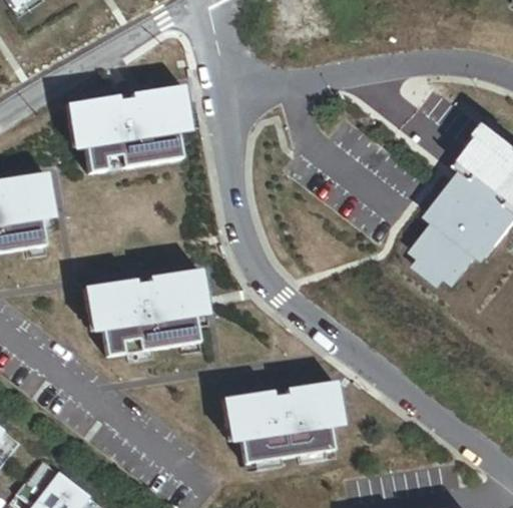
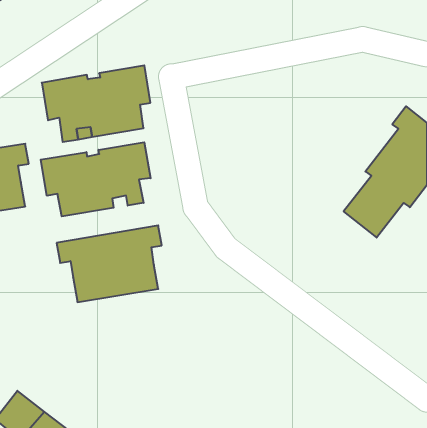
building: none -> [41,142,151,216]
building: [224,379,345,462] -> none

